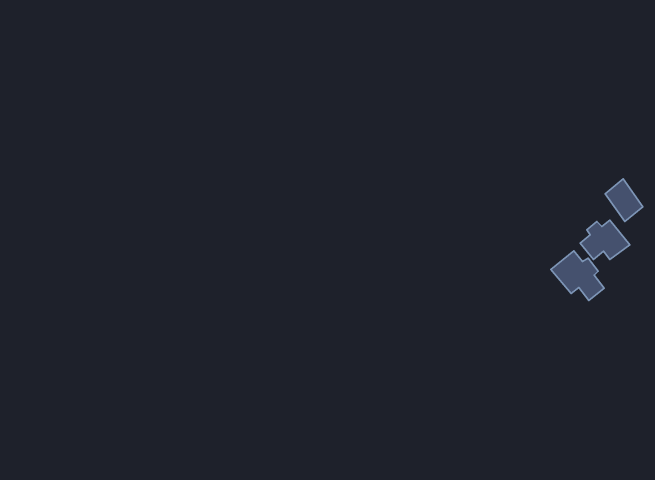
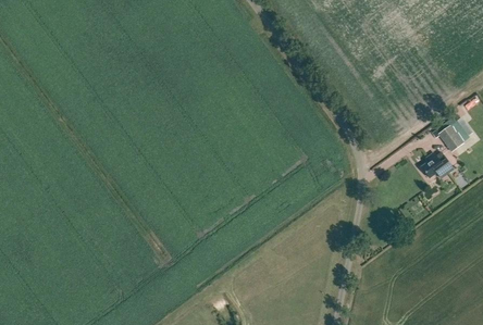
building: [551,251,604,300] -> none

